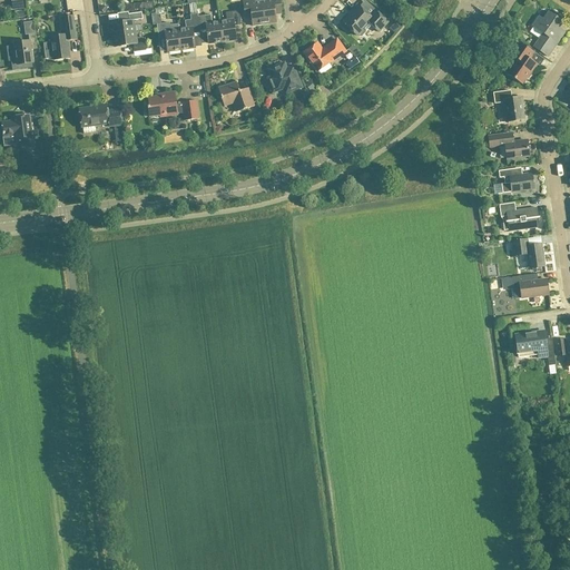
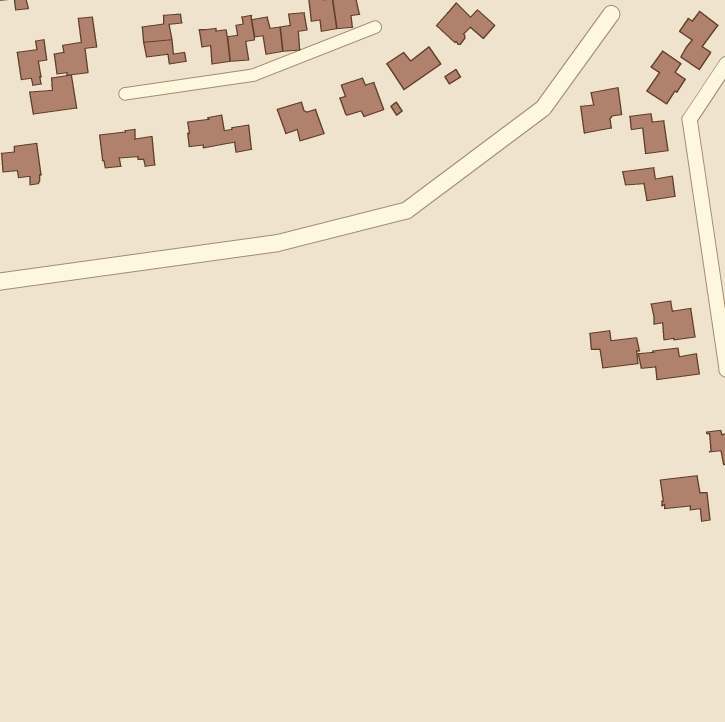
building: none -> [30,75,77,114]
building: none -> [581,88,621,133]
building: [499,166,534,191] -> none
building: [500,200,539,229] -> [590,331,640,368]
building: [515,330,554,365] -> [660,476,710,521]

